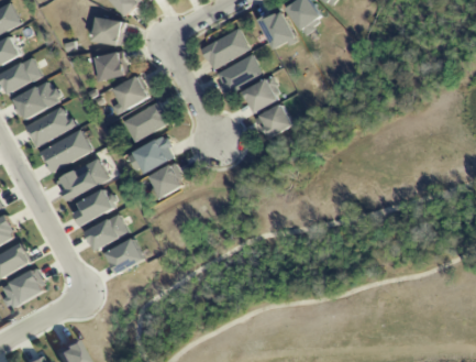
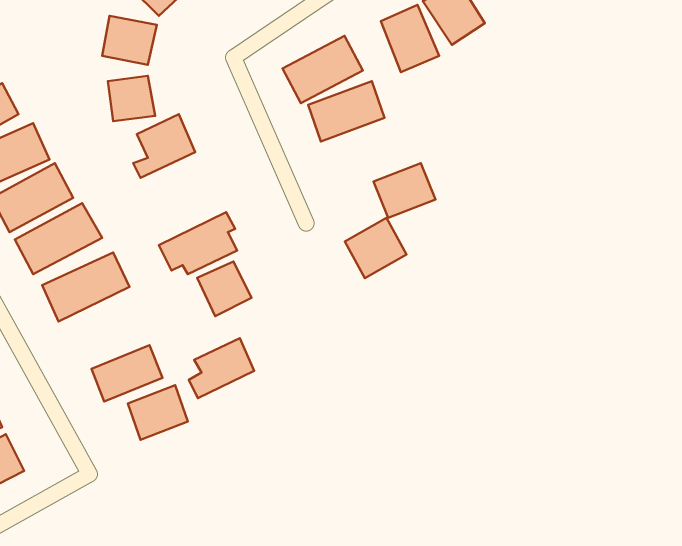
building: [242,77,279,113] -> [345,218,407,278]
building: [122,101,169,141] -> none
building: [75,188,114,224] -> [189,338,254,398]

